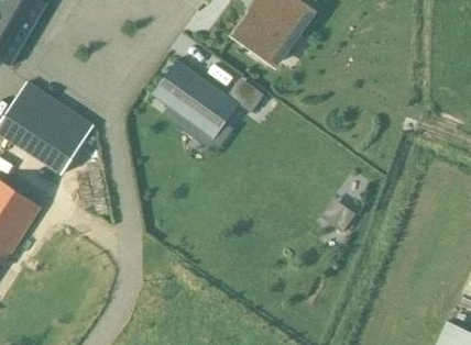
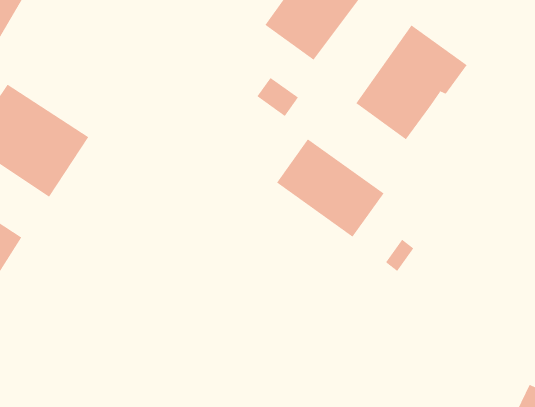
building: none -> [356,24,467,140]
building: [151,59,238,138] -> [276,139,384,237]

